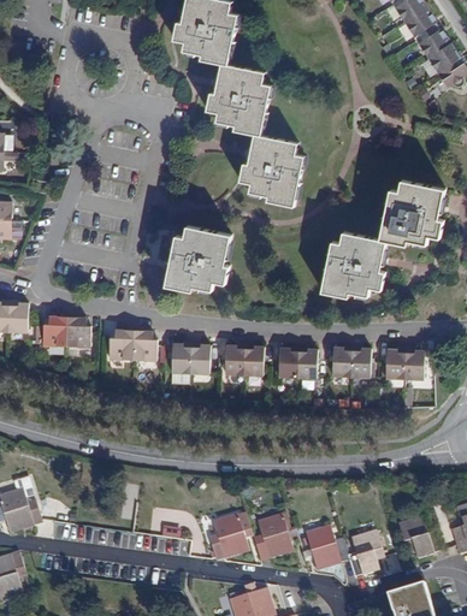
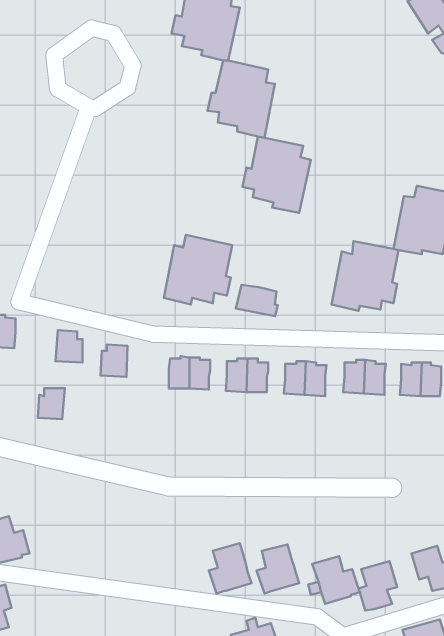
building: none -> [236,285,278,316]
building: [42,315,67,344] -> [38,388,65,419]
building: [131,330,156,359] -> none

